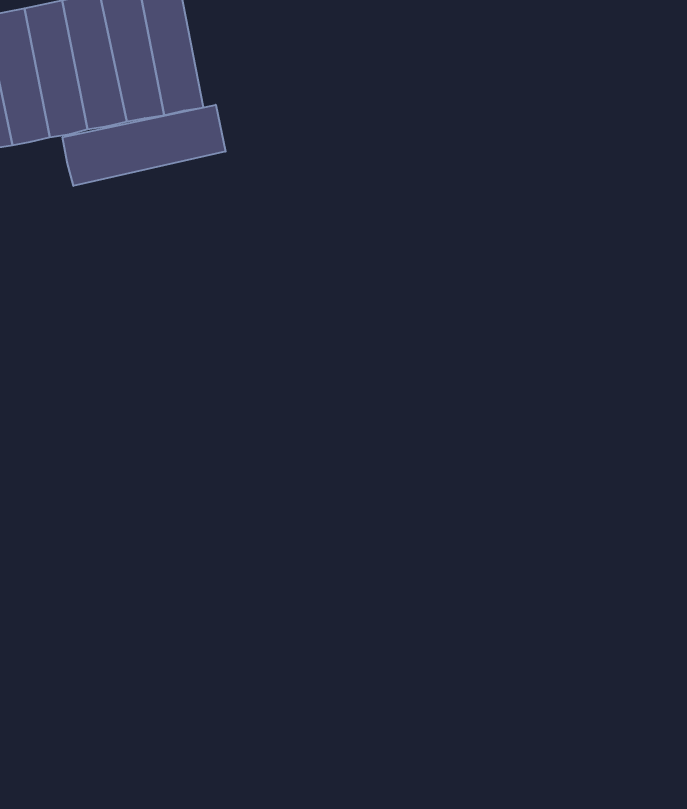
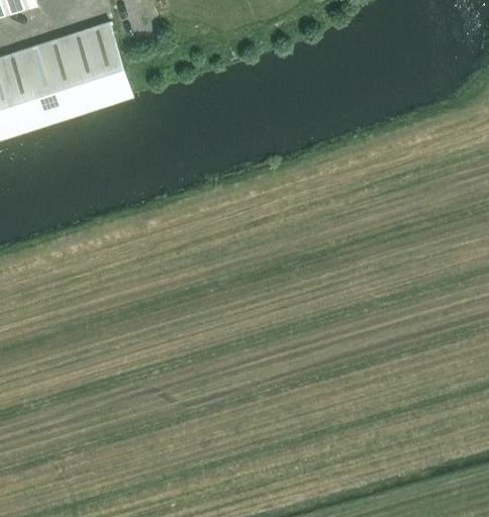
building: [63,105,226,186] -> none

